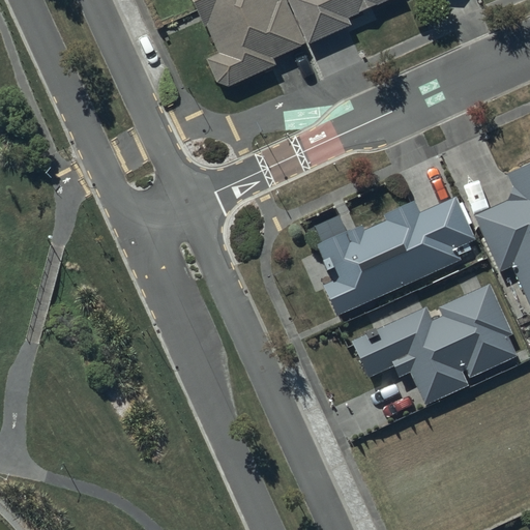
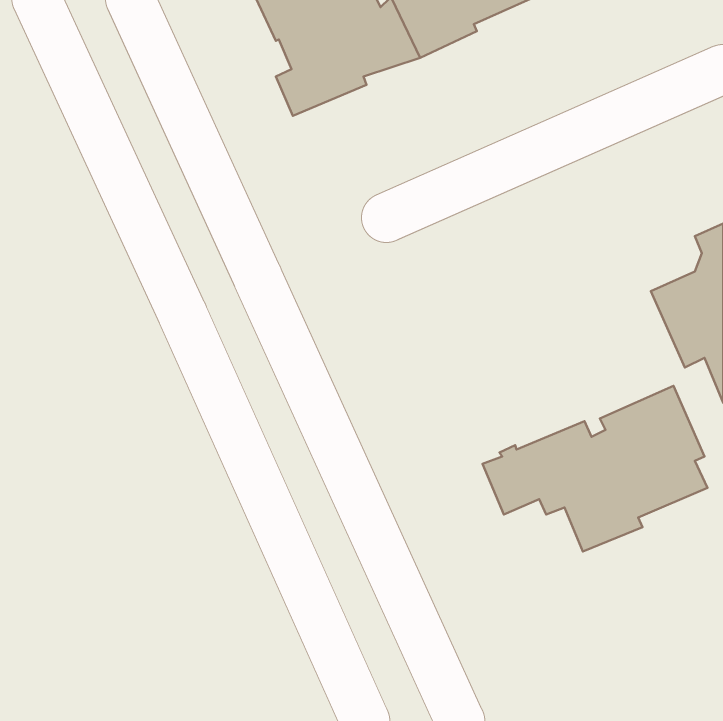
building: [317,197,476,315] -> none

